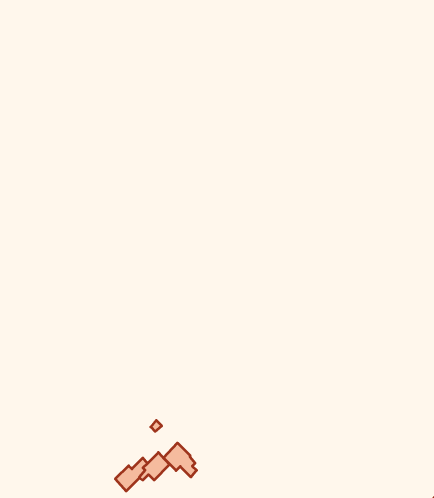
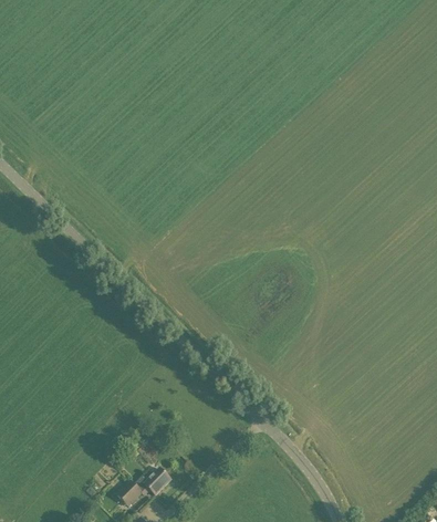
building: [163,443,197,477] -> none

